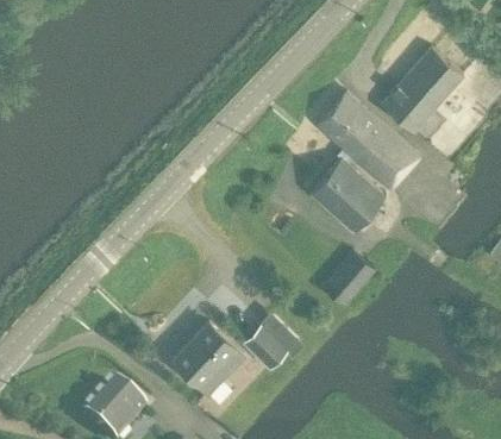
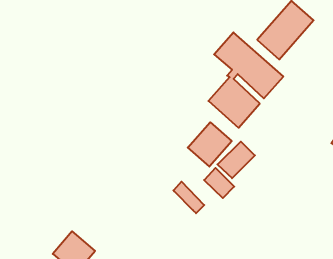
building: none -> [188,122,232,167]
building: [173,322,244,394] -> none
building: [243,325,287,369] -> [204,168,234,198]

